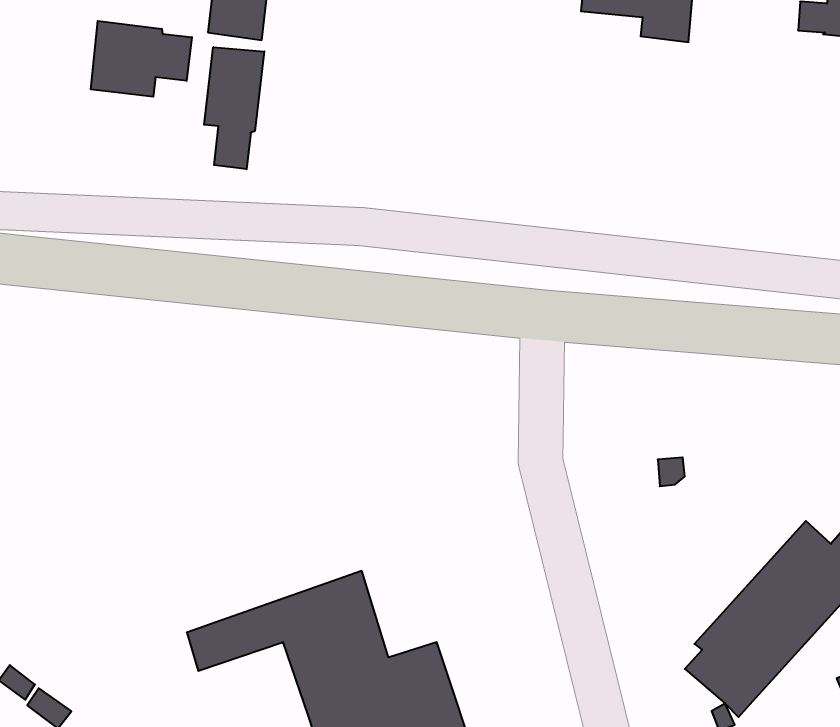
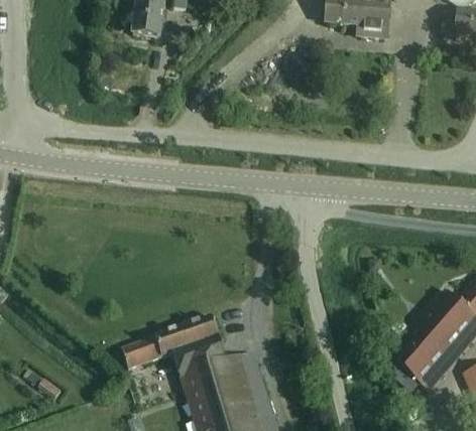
building: [91,21,192,97] -> none
building: [204,47,264,169] -> none

